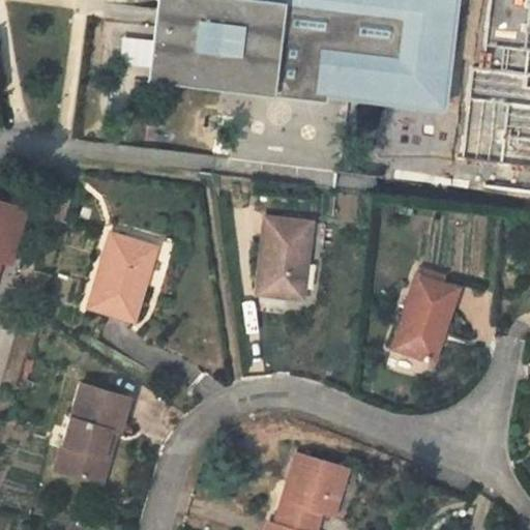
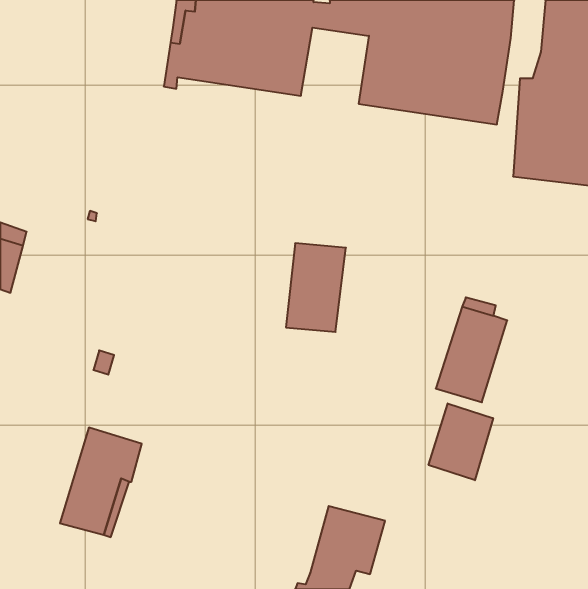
building: [159,25,332,102] -> none
building: [88,233,156,321] -> none
building: none -> [429,403,493,480]

